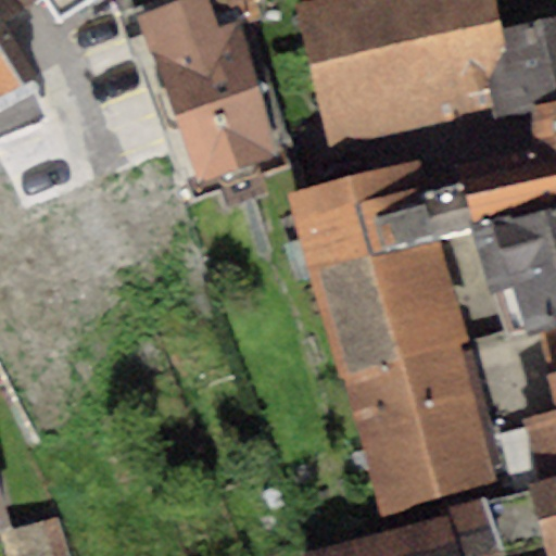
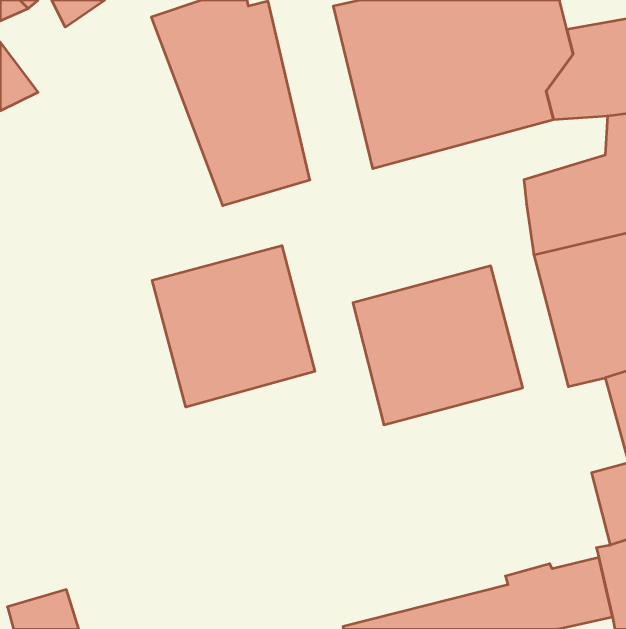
building: [291,160,473,267] -> none
building: none -> [152,246,315,407]
building: [341,342,501,516] -> none

